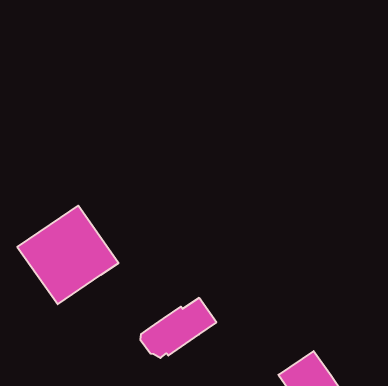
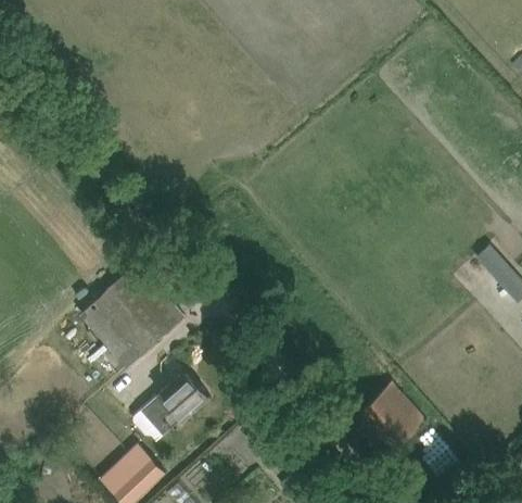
building: [140,298,216,358] -> [132,374,207,439]

